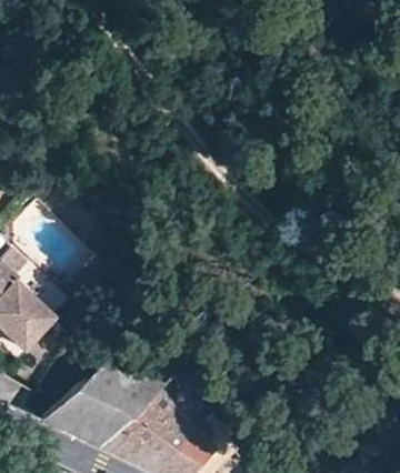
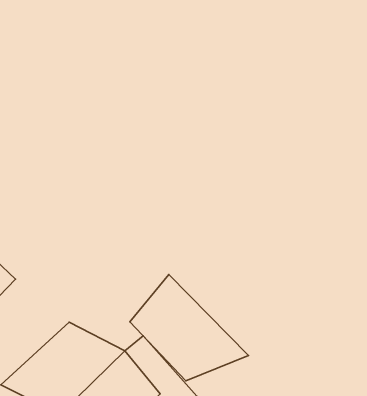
building: none -> [130,274,248,381]

